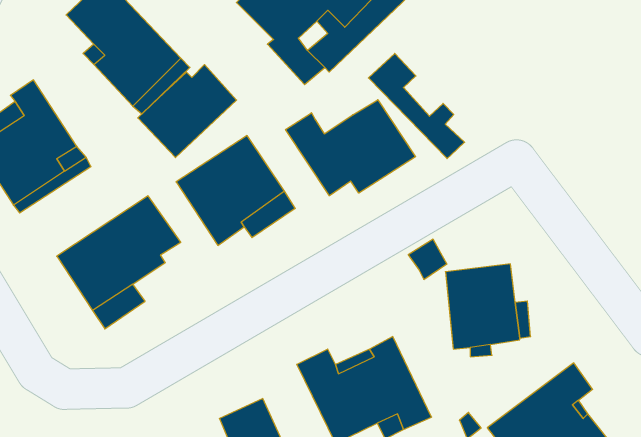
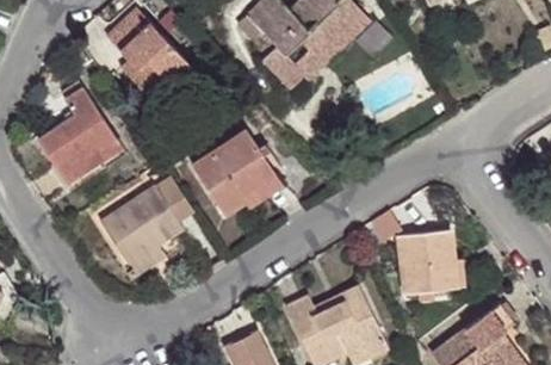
building: [368,53,465,159] -> none
building: [138,65,237,158] -> none
building: [286,100,416,196] -> none

